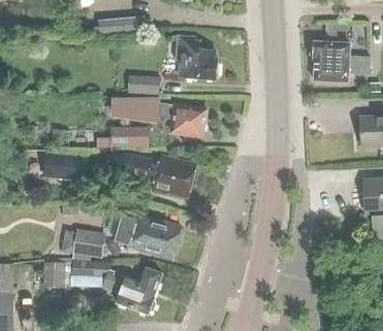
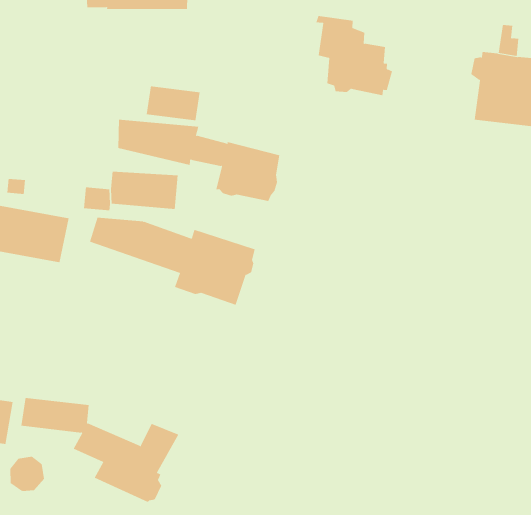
building: [172,36,219,78] -> [315,16,393,96]
building: [116,214,181,259] -> none
building: [74,233,106,258] -> none

